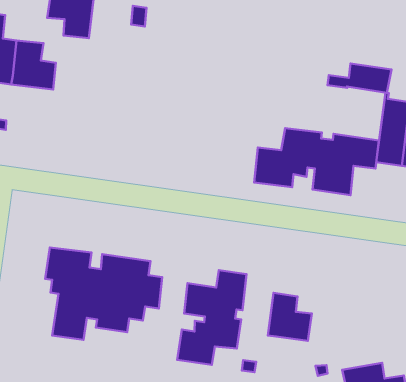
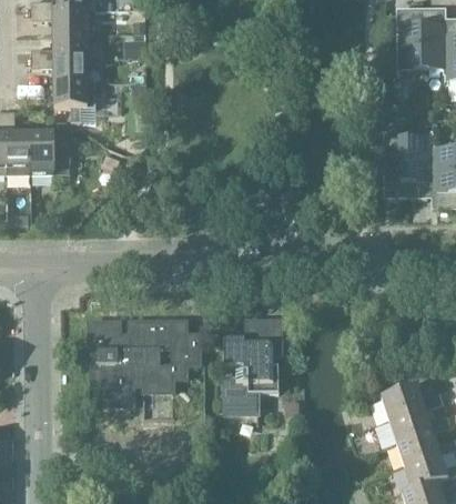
building: [327,64,391,93] -> none
building: [254,128,379,195] -> none
building: [268,293,312,341] -> none

